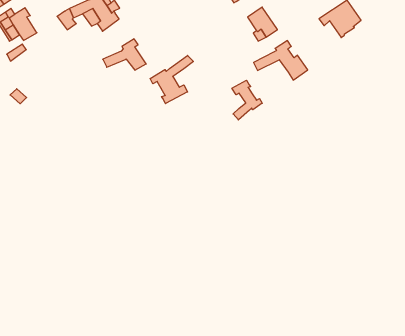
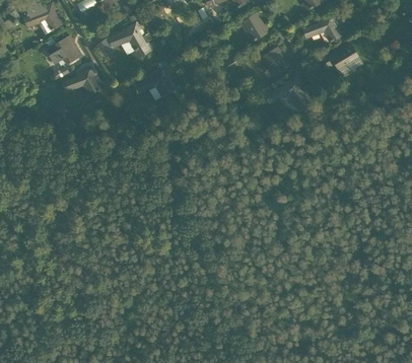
building: none -> [63,68,99,95]
building: [150,55,193,104] -> none
building: [232,80,262,120] -> none

